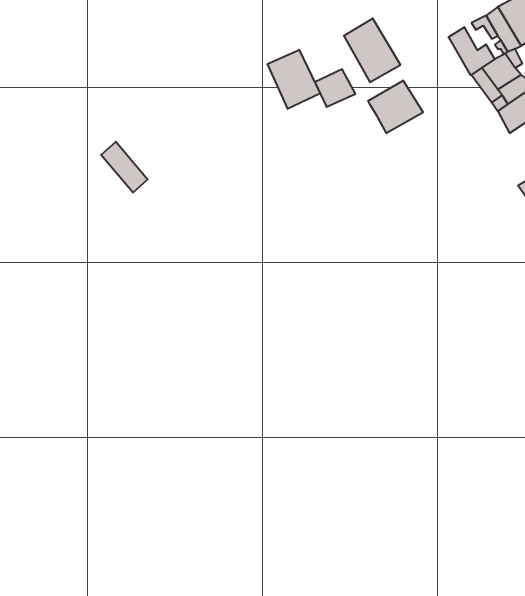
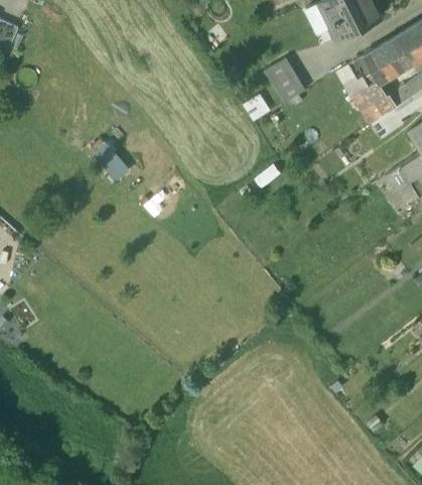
building: [268,50,320,109] -> none
building: [368,80,423,133] -> none

